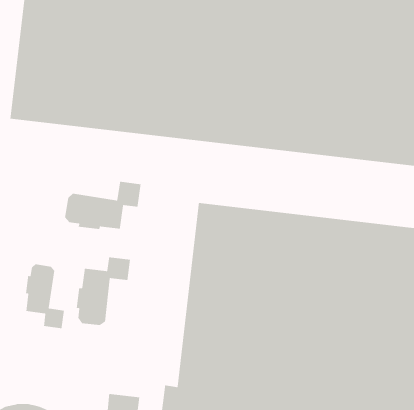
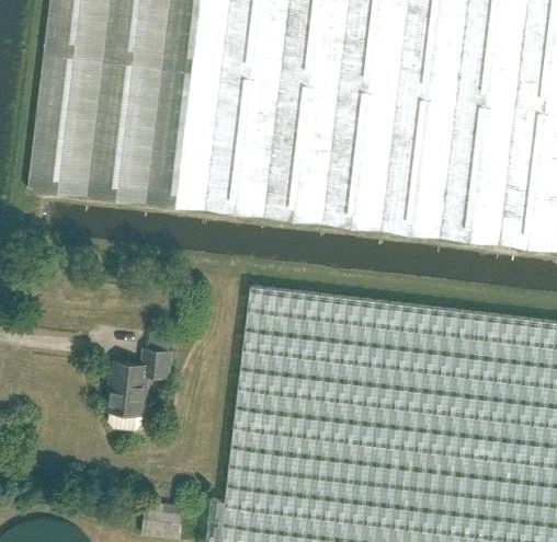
building: [64,181,141,230] -> none
building: [25,263,65,329] -> none

